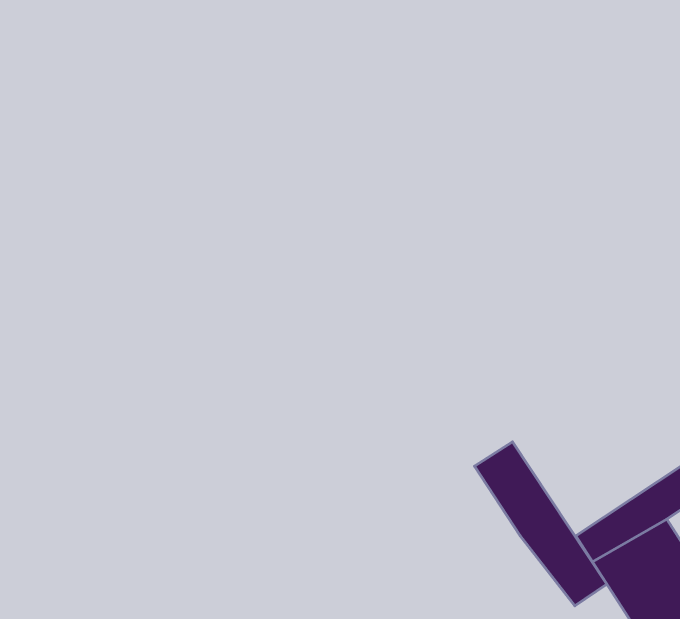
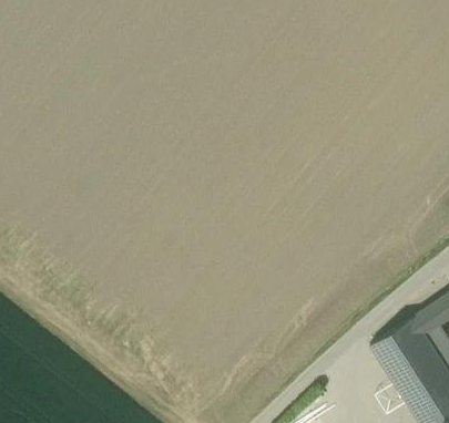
building: [475,442,607,606] -> none

